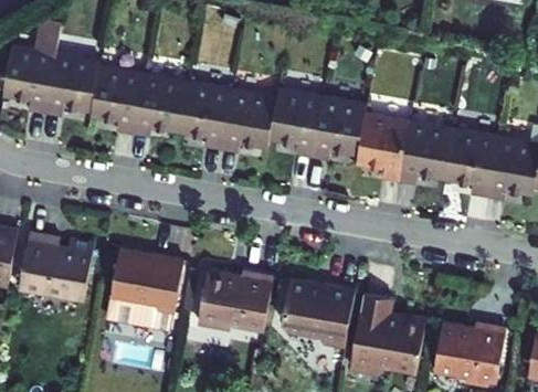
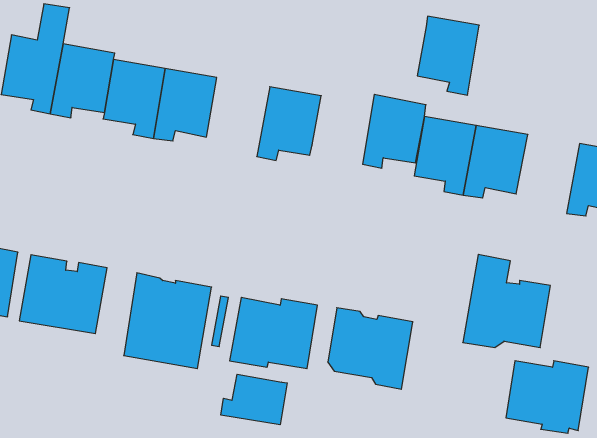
building: [178,82,232,149] -> none
building: [268,88,321,156] -> [417,16,479,95]
building: [443,130,497,198] -> none
building: [350,294,425,373] -> [463,254,550,348]
building: none -> [221,374,287,425]

